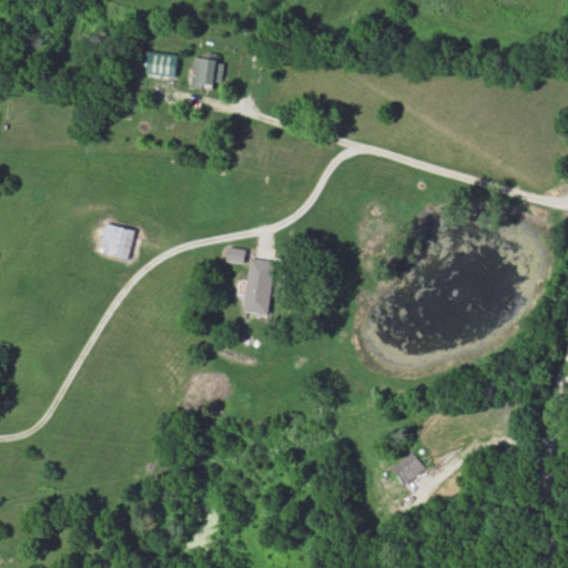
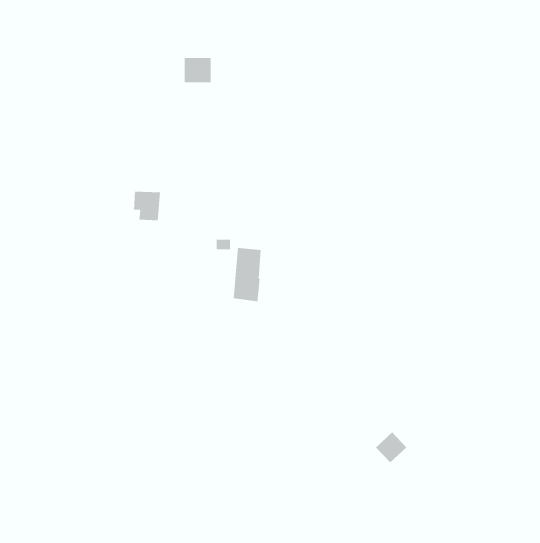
building: [146,52,178,80] -> none
building: [101,226,130,257] -> [133,191,161,221]

